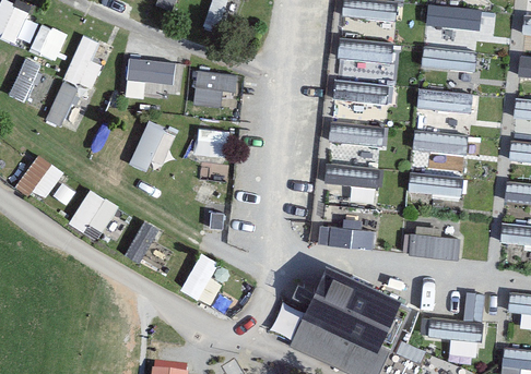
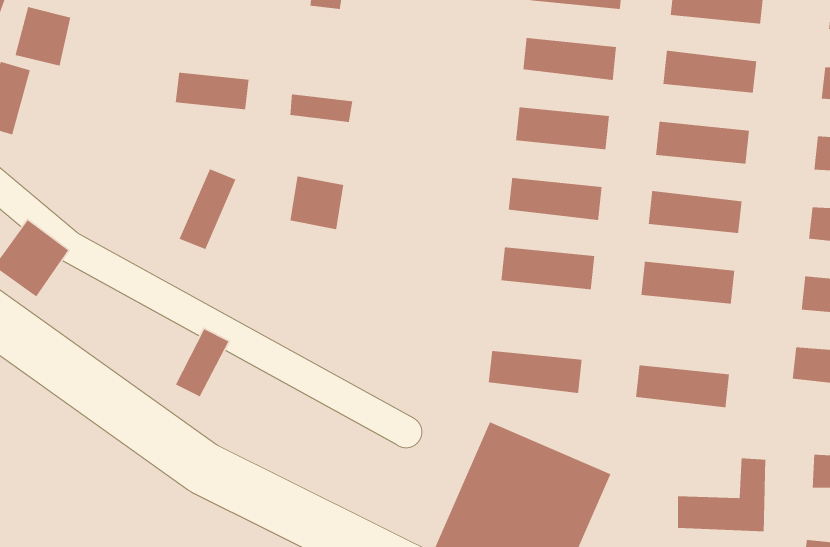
building: [47,29,103,128] -> none
building: [70,182,120,234] -> none
building: [182,246,224,297] -> none

